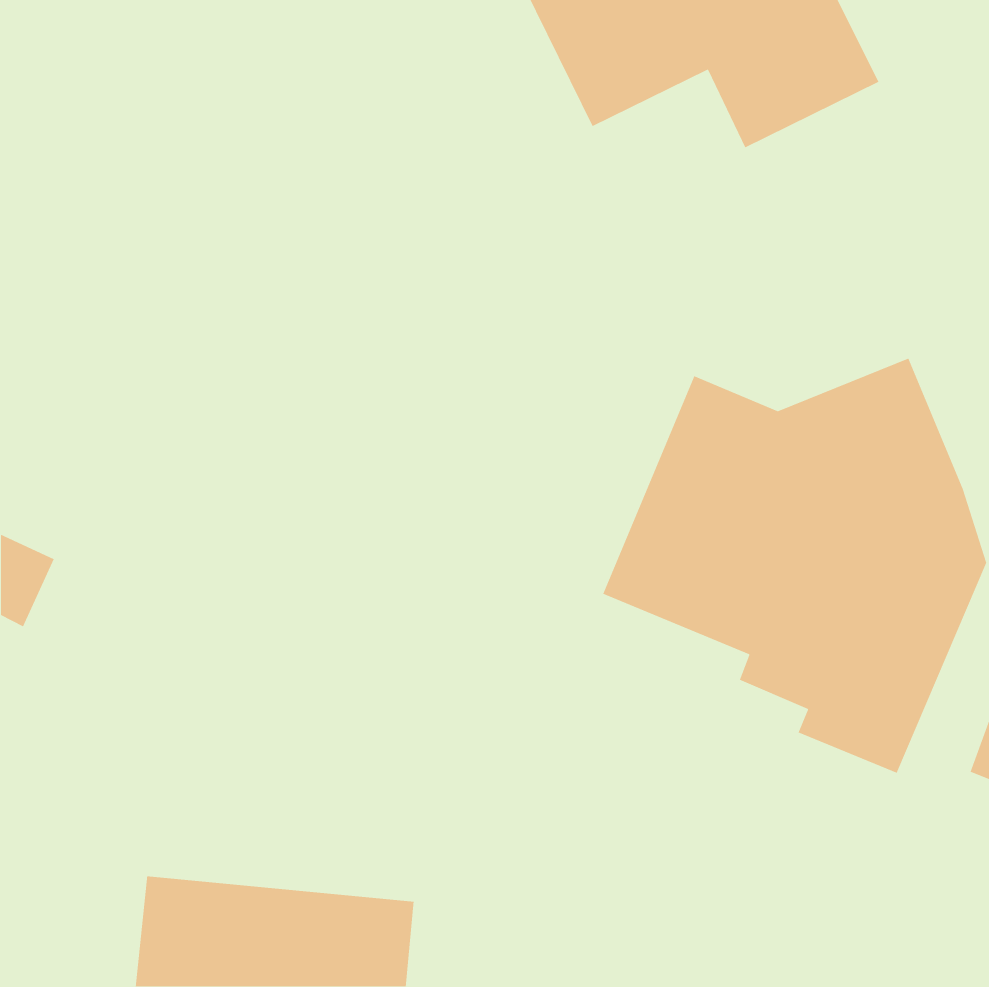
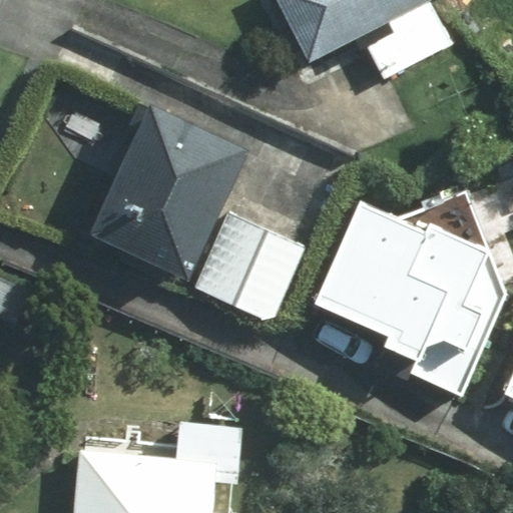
building: none -> [84,128,232,282]
building: none -> [204,205,313,320]

